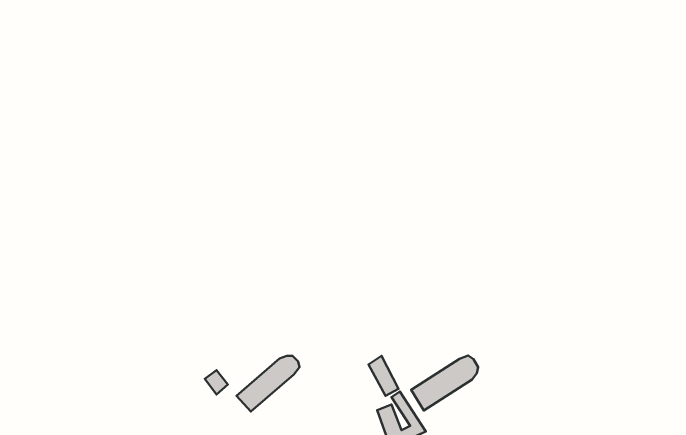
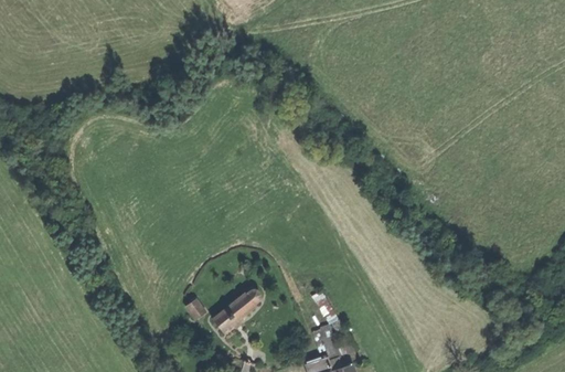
building: [411,355,478,411] -> none

